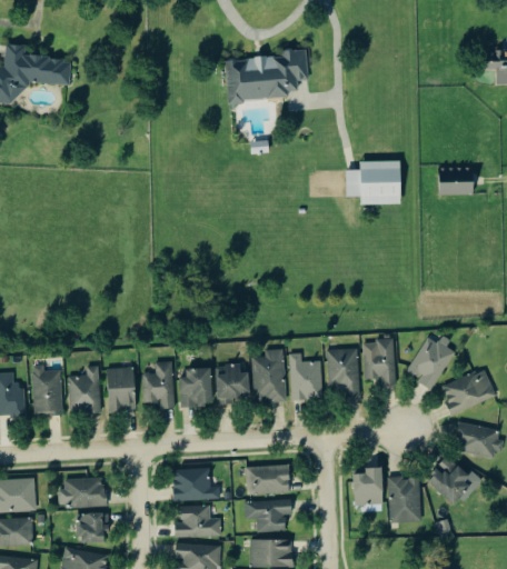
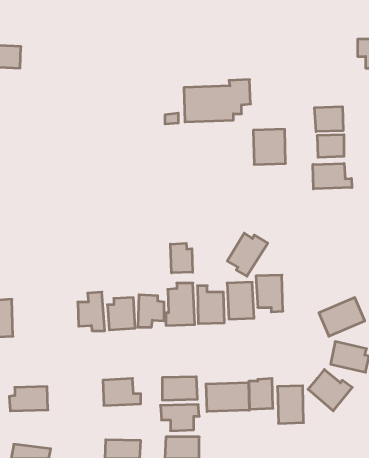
building: [227,49,309,101] -> [184,80,251,122]
building: none -> [315,107,343,132]
building: none -> [313,163,352,189]
building: none -> [170,243,193,273]
building: [406,337,456,390] -> [227,233,268,276]
building: [68,366,100,415] -> none
building: [107,368,136,411] -> none
building: none -> [206,383,249,412]
building: [175,506,220,538] -> none
building: [77,513,106,543] -> none

